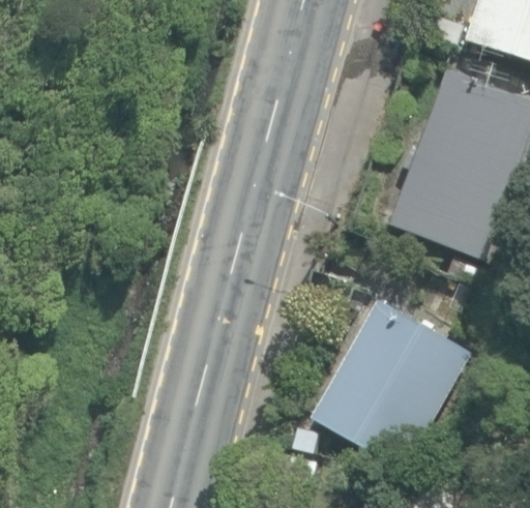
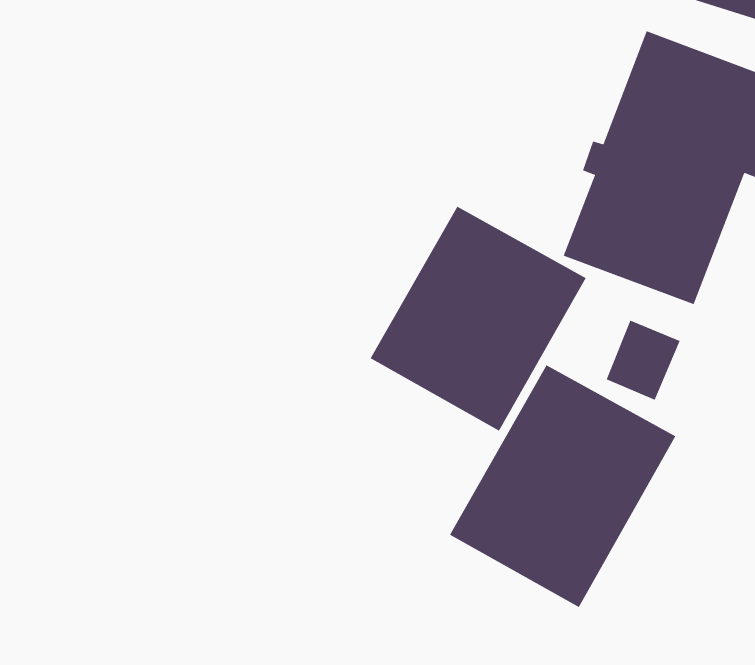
building: none -> [370,206,586,432]

